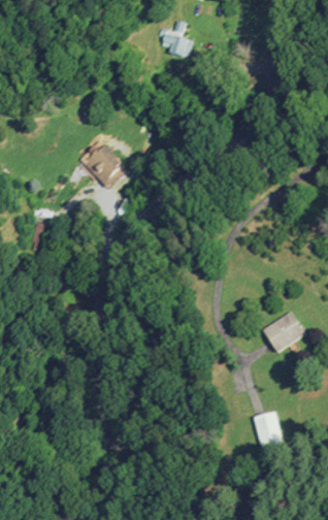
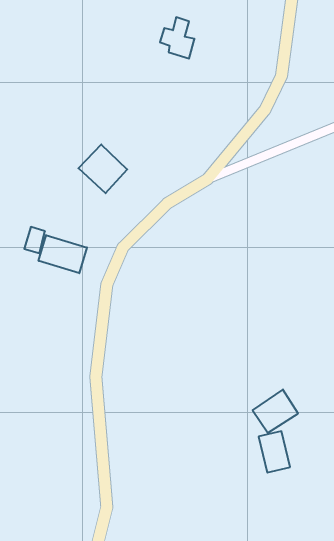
building: none -> [39,235,87,273]
building: [262,312,305,353] -> [253,389,298,433]

